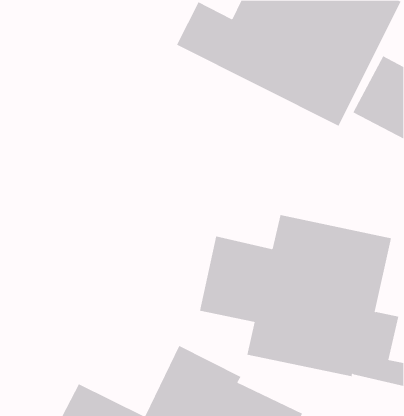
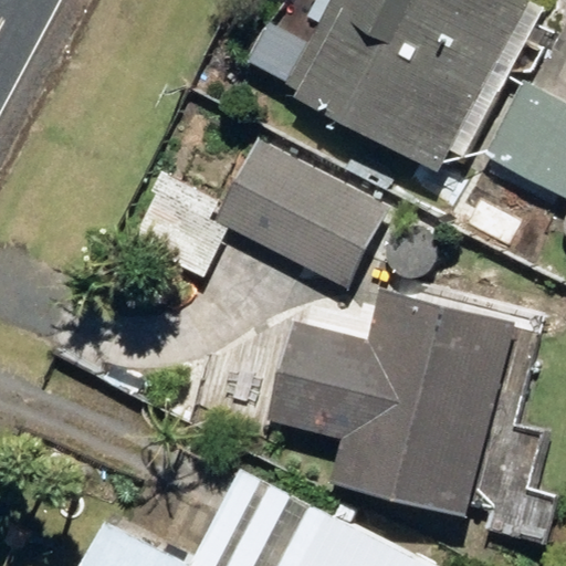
building: none -> [127,139,390,286]

